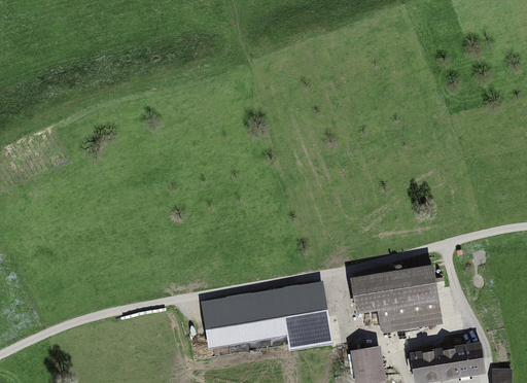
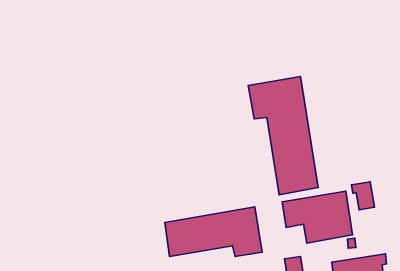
building: none -> [248,77,318,195]
building: none -> [352,182,374,210]

